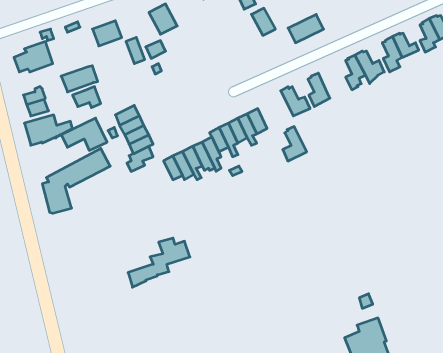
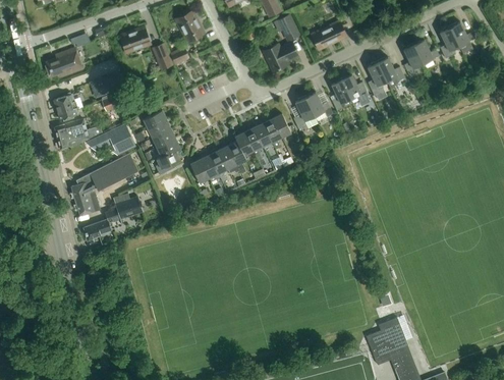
building: none -> [264,42,297,71]
building: none -> [341,74,369,101]
building: [283,127,307,161] -> [293,96,317,129]
building: [128,238,190,287] -> [83,194,144,241]

